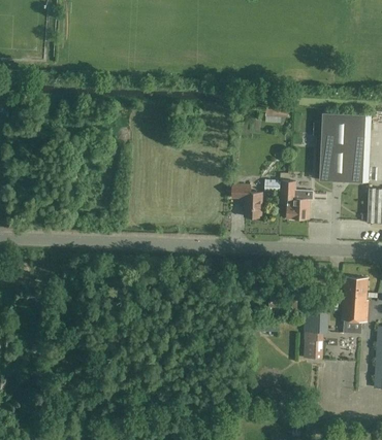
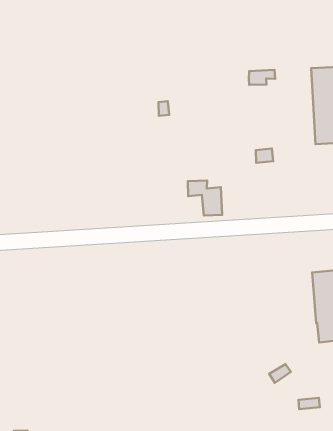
building: [282,181,313,219] -> none
building: [232,184,262,217] -> [188,180,222,215]

